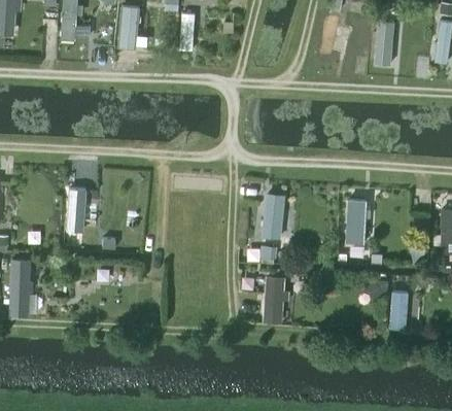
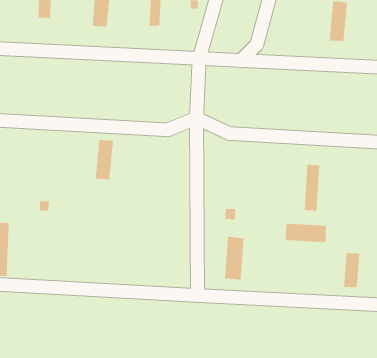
building: [66,190,86,233] -> [95,139,114,180]
building: [263,194,283,237] -> none
building: none -> [285,223,326,243]

